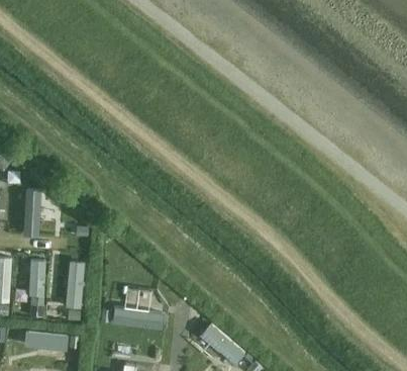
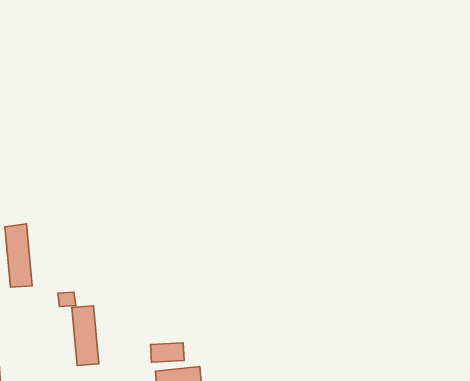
building: [27,256,45,292] -> none

